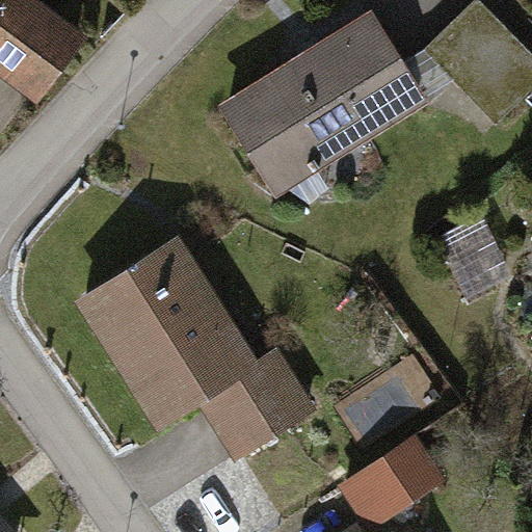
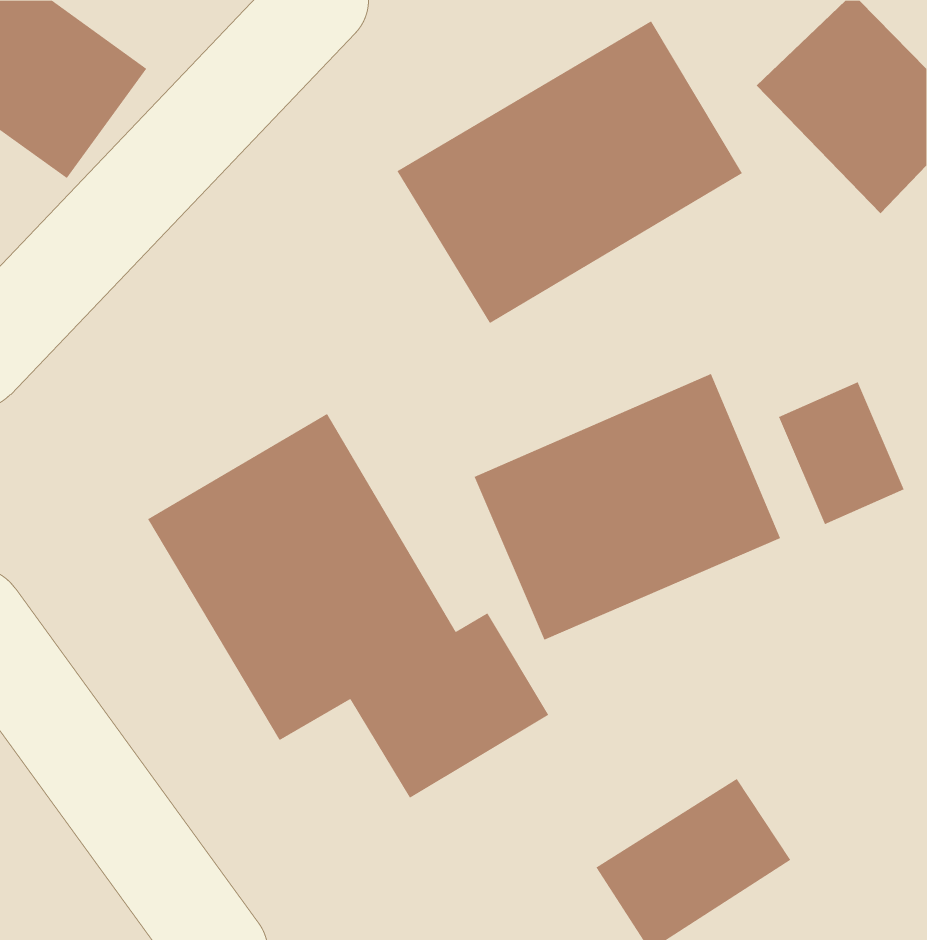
building: none -> [474,373,781,641]

